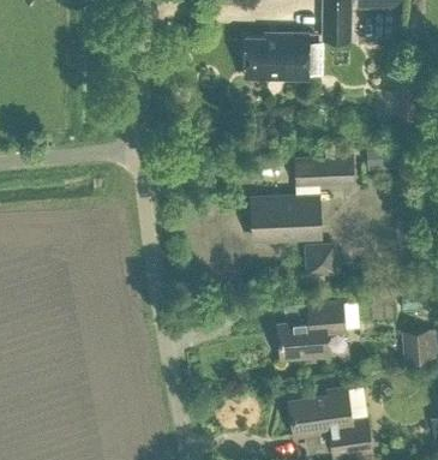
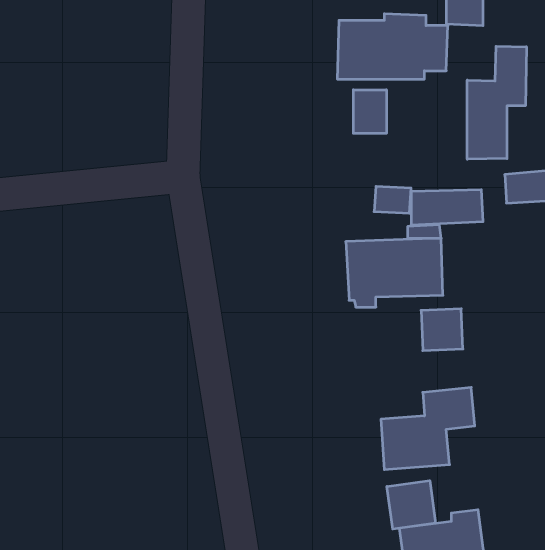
building: none -> [467,46,526,159]
building: none -> [353,90,386,133]
building: none -> [387,481,436,529]

